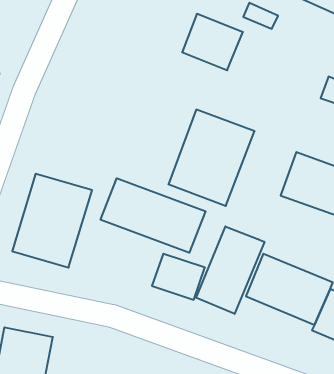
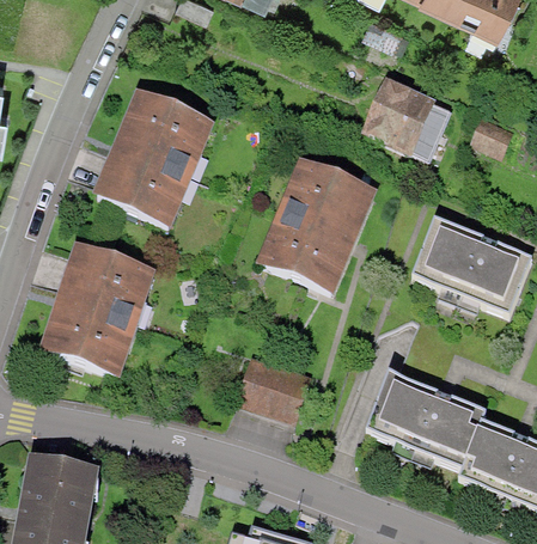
building: [182,14,243,70] -> [362,84,446,161]
building: none -> [92,93,209,228]
building: [101,178,206,253] -> none
building: [196,226,264,314] -> none

